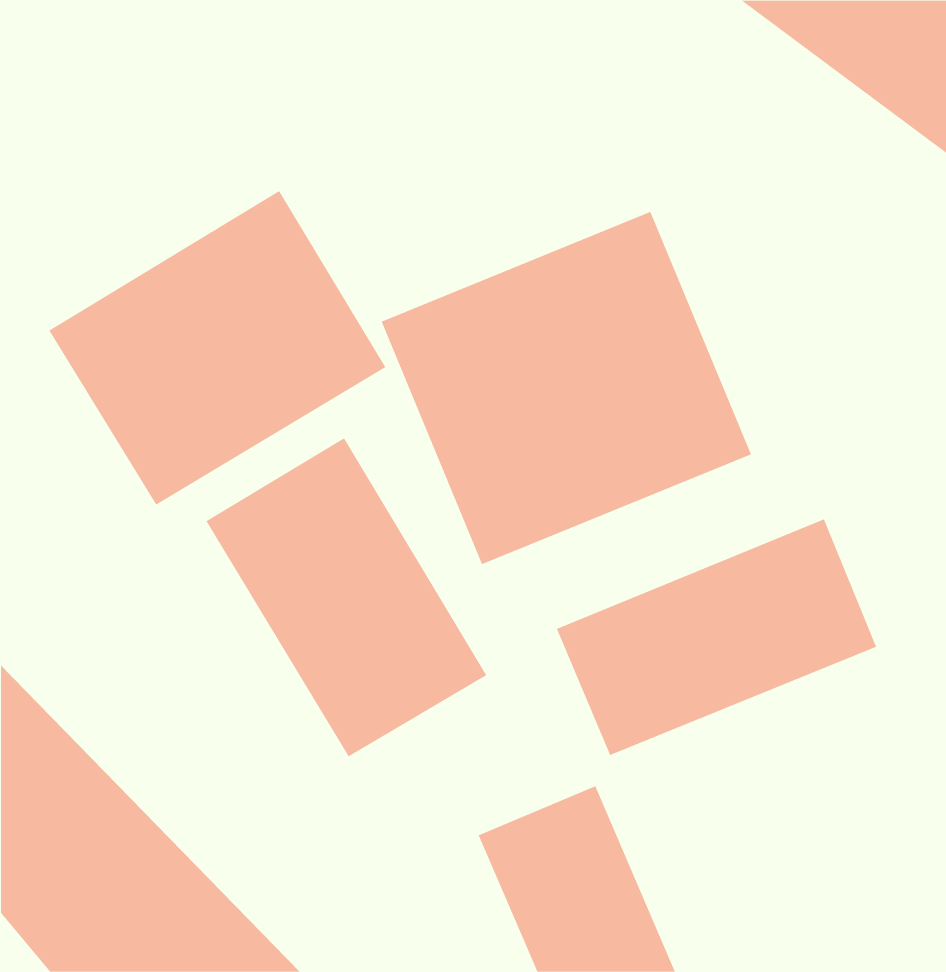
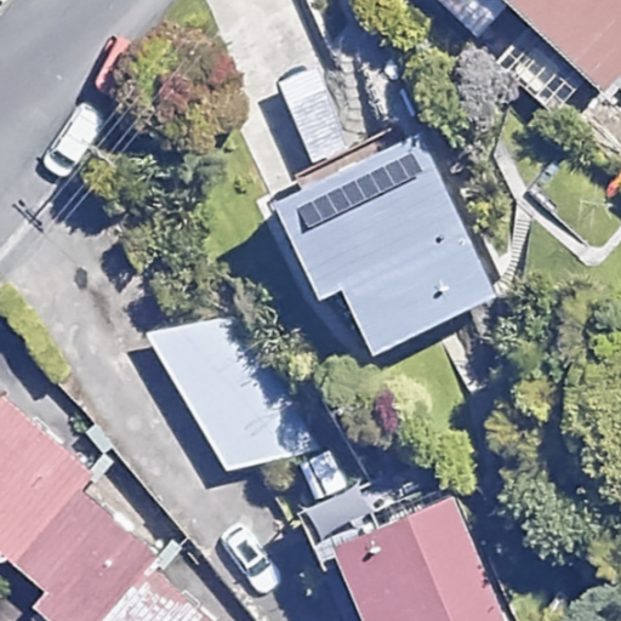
building: [48,190,386,506] -> none
building: [556,518,877,756] -> none

